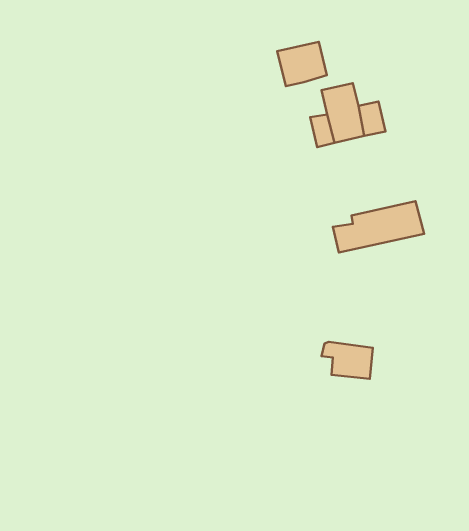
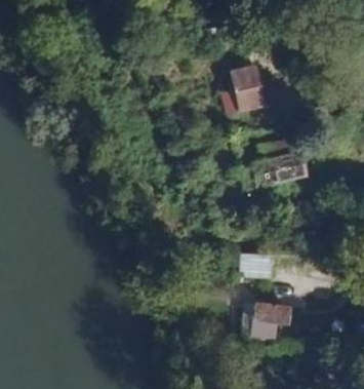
building: [277,42,327,86] -> none
building: none -> [250,307,289,342]

